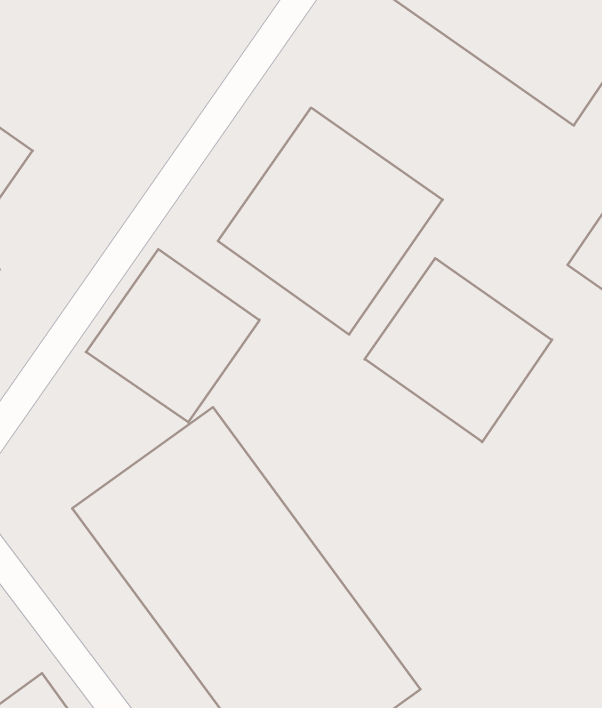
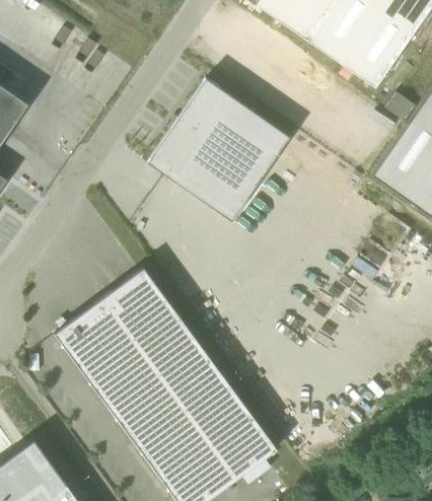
building: [86,249,259,422] -> none
building: [365,258,552,442] -> none

